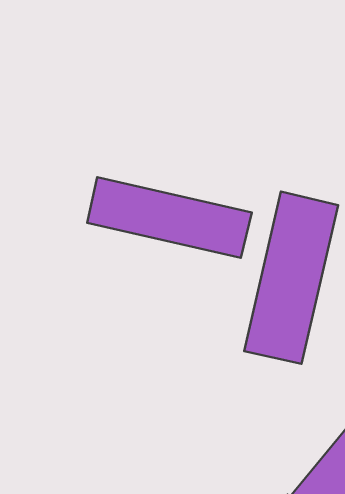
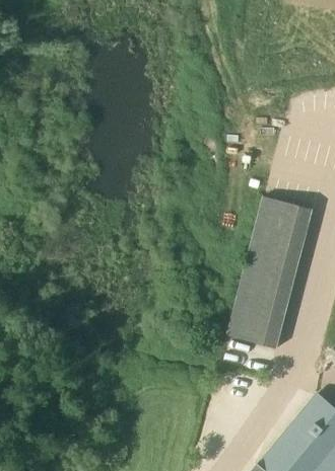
building: [87,177,252,258] -> none

